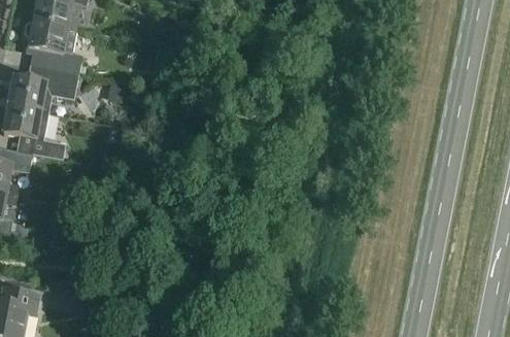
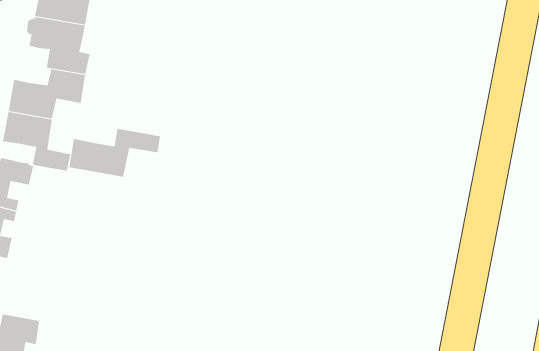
building: none -> [69,128,160,178]

